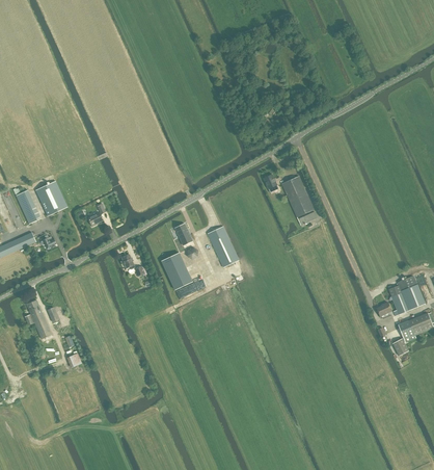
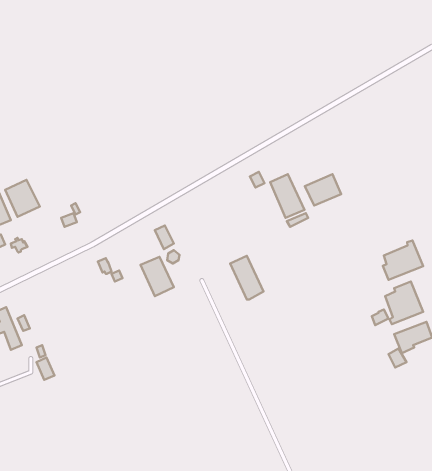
building: none -> [305,174,341,206]
building: [207,226,238,266] -> [230,256,264,299]
building: none -> [383,240,423,280]

